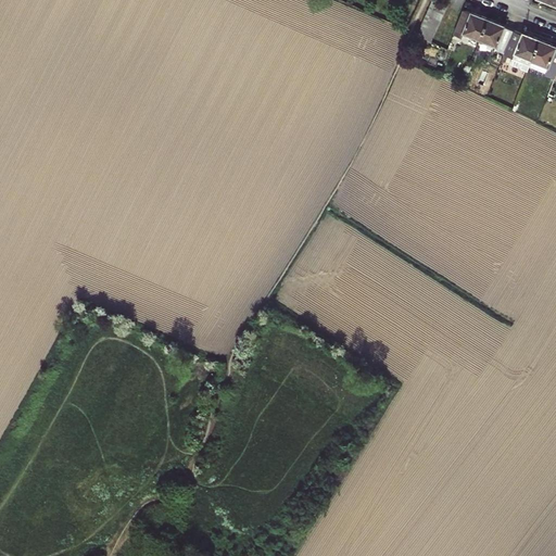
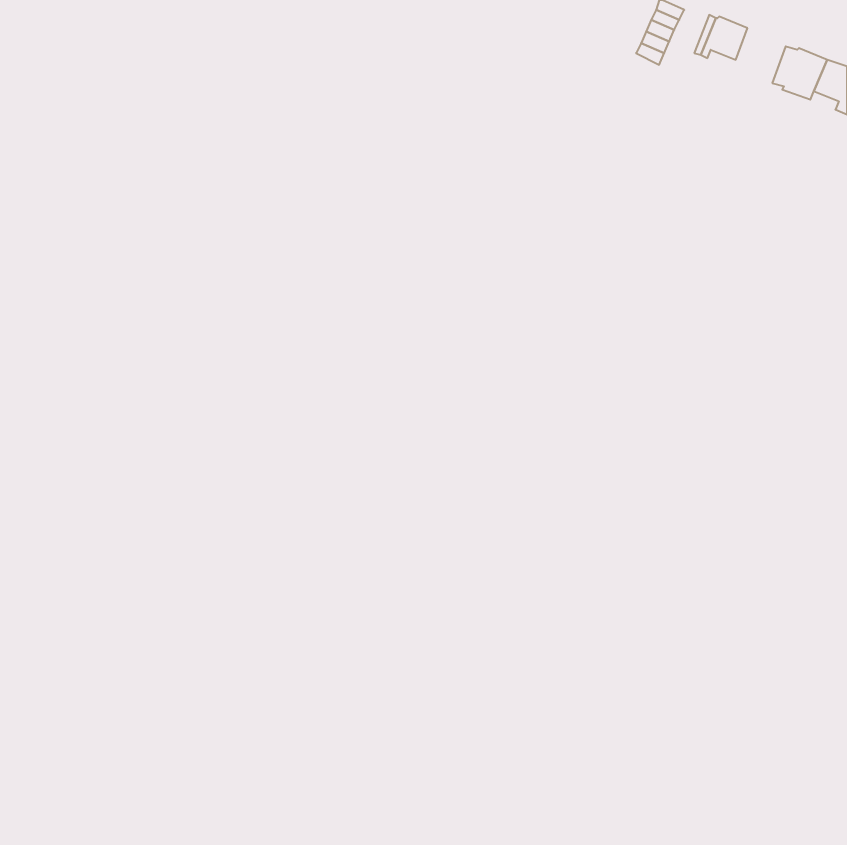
building: [481,21,514,56] -> none

